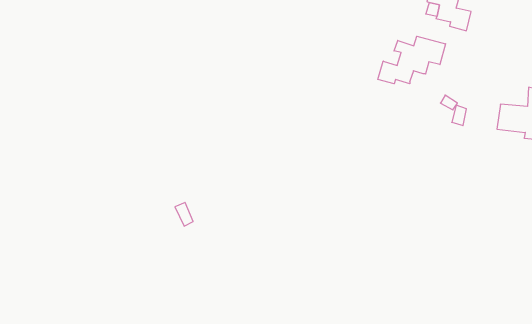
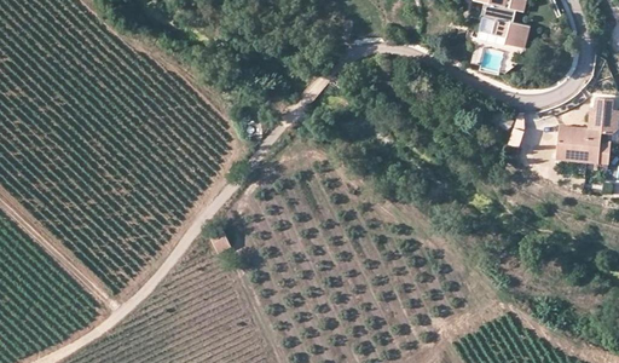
building: [378,36,446,84] -> none

